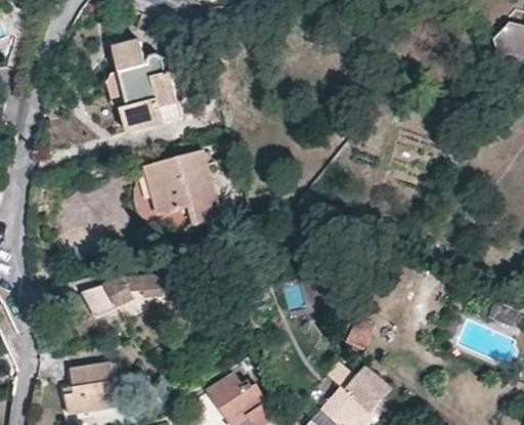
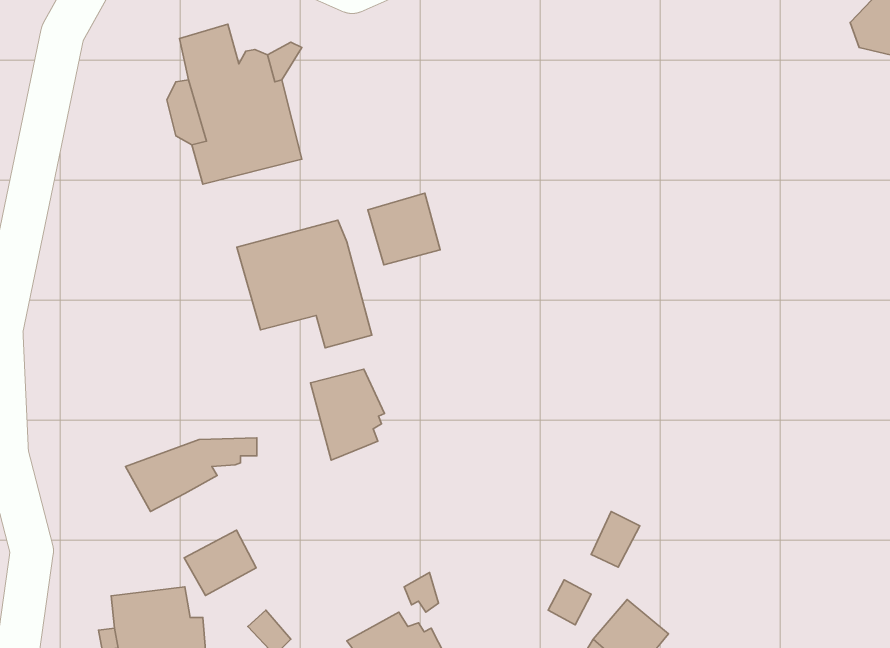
building: none -> [368,193,440,265]
building: none -> [310,369,385,460]
building: none -> [184,530,256,595]

